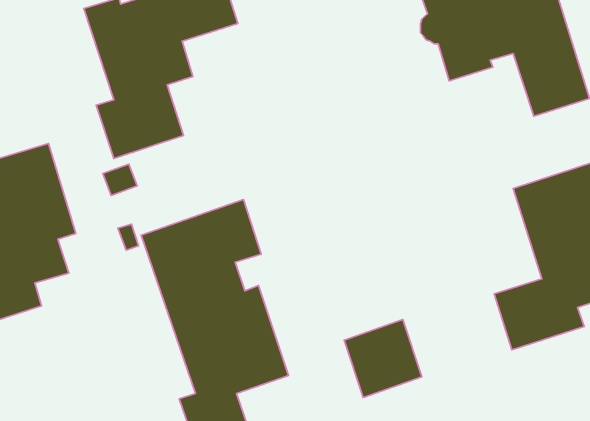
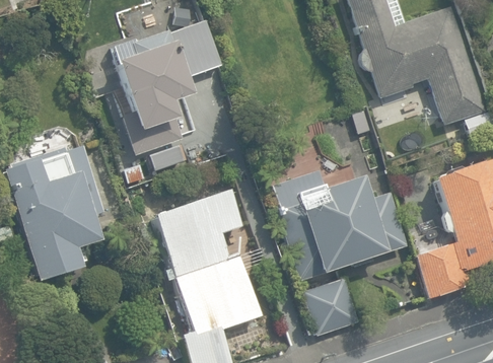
building: none -> [274,170,410,279]

